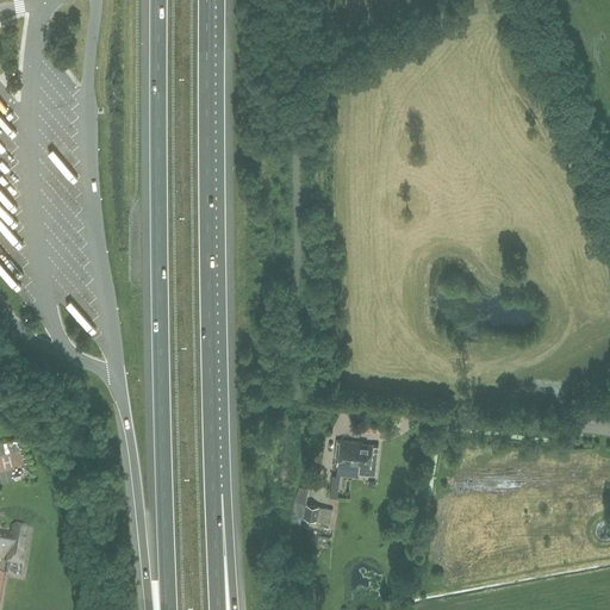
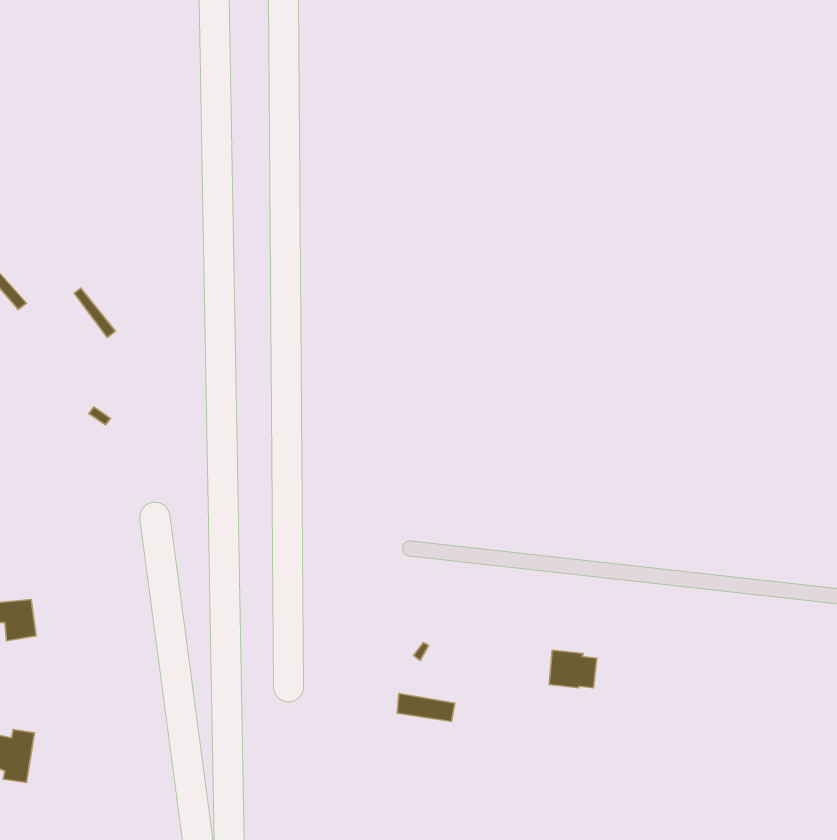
building: [334,441,368,468] -> [549,650,597,688]

